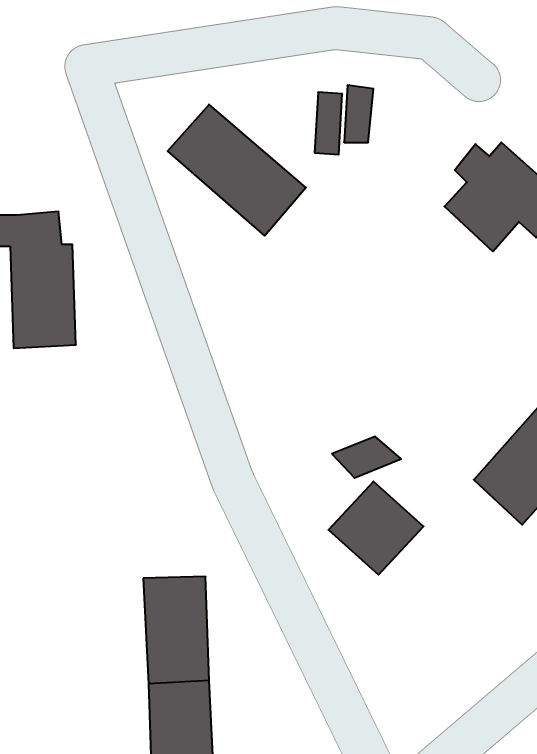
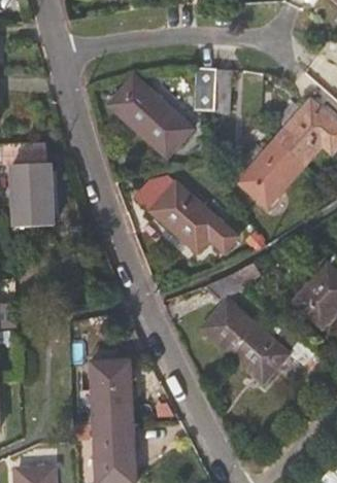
building: none -> [235,140,302,210]
building: none -> [135,180,237,252]
building: none -> [234,327,299,388]

